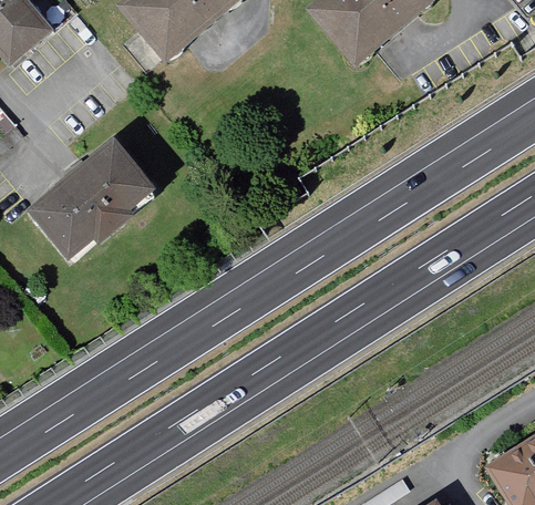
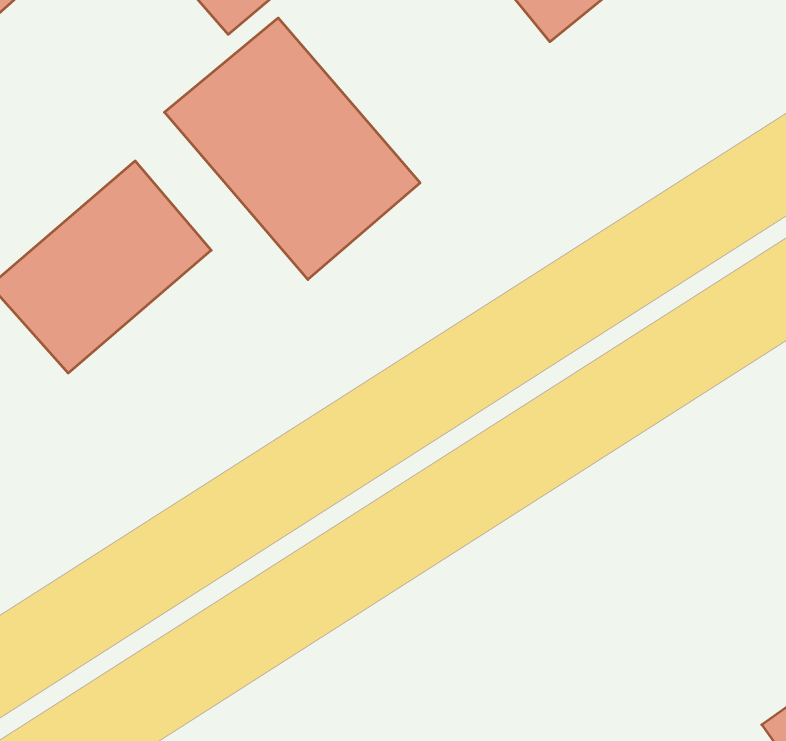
building: none -> [164,18,420,280]

